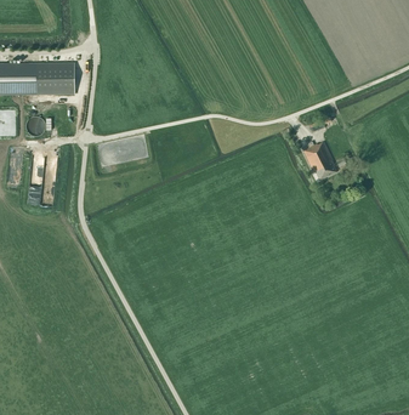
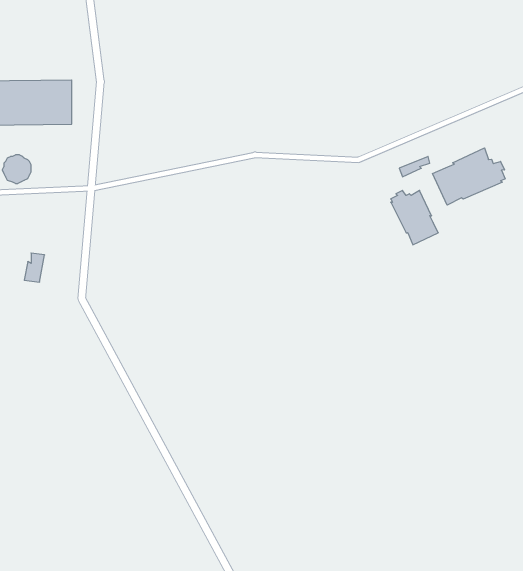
building: none -> [433,148,505,205]

